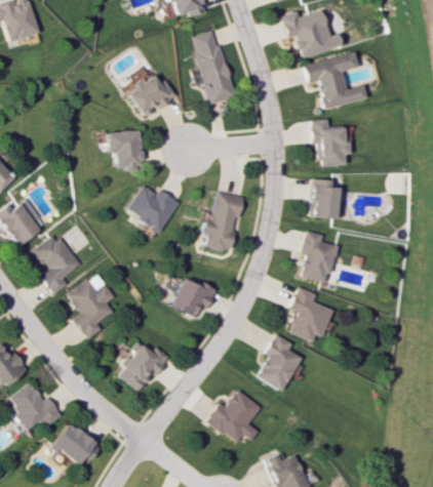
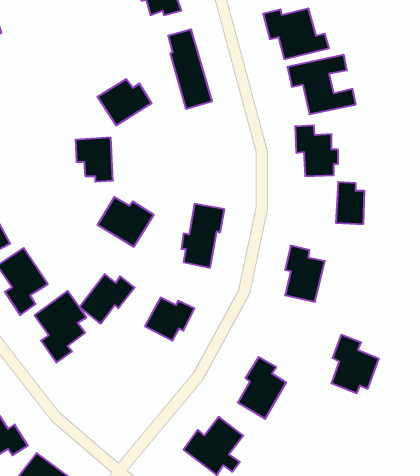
building: [313,179,340,218] -> [336,182,365,224]
building: [290,287,334,341] -> [331,335,379,393]
building: [119,344,170,391] -> [79,274,135,324]

